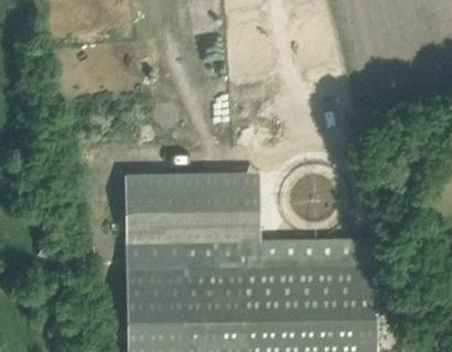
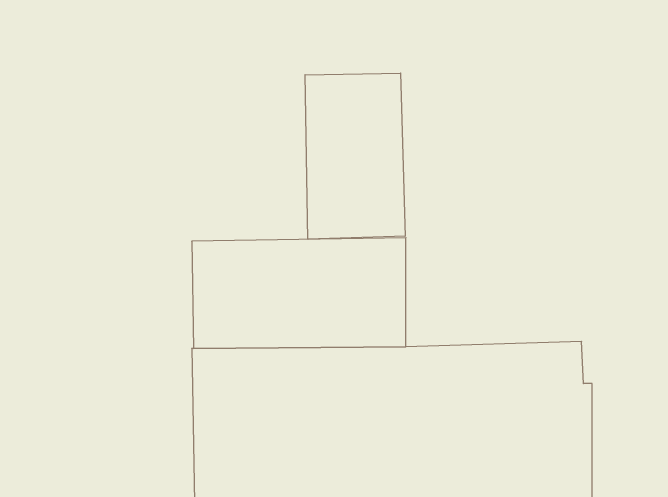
building: none -> [305,73,405,239]

